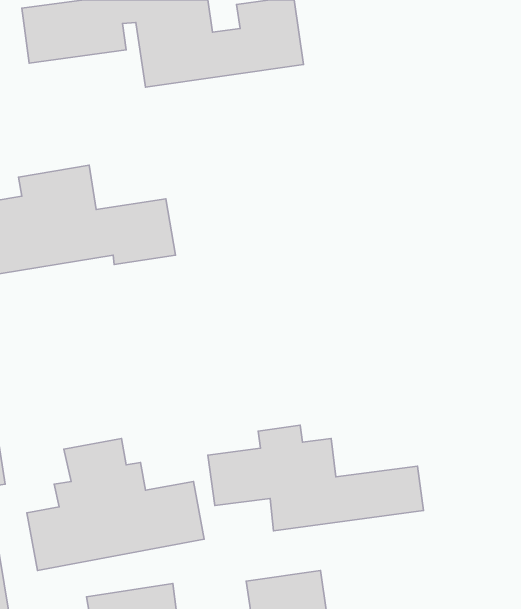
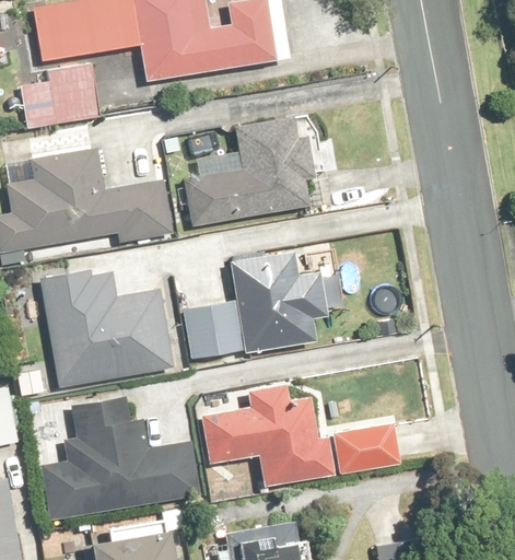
building: none -> [19,65,101,129]
building: none -> [186,119,307,223]
building: none -> [182,254,328,358]
building: none -> [39,268,173,385]

